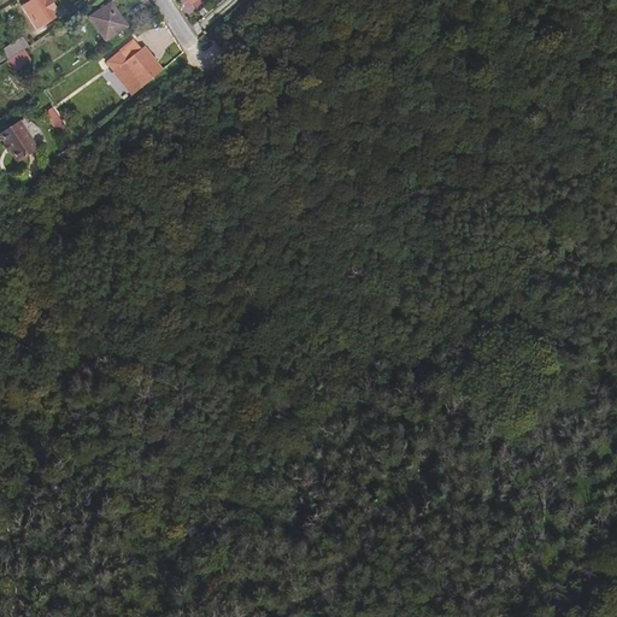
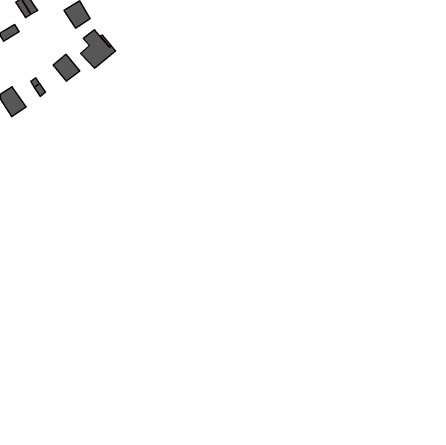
building: none -> [53,54,80,81]

